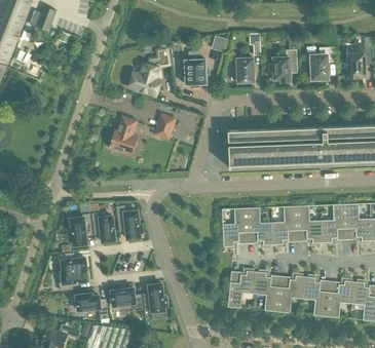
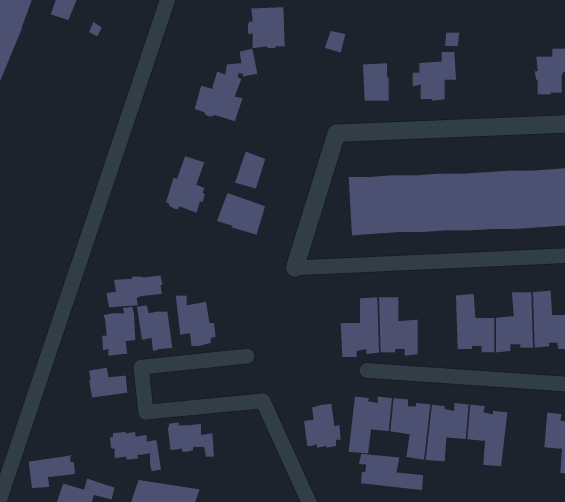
building: [308,47,334,82] -> none
building: [182,59,207,85] -> [247,7,286,48]
building: none -> [216,192,266,236]
building: none -> [106,275,163,308]
building: [272,206,297,244] -> none
building: [58,269,88,291] -> [28,455,76,489]
building: [326,280,354,318] -> none
building: [143,283,167,312] -> [303,403,342,448]
building: none -> [358,453,424,491]

